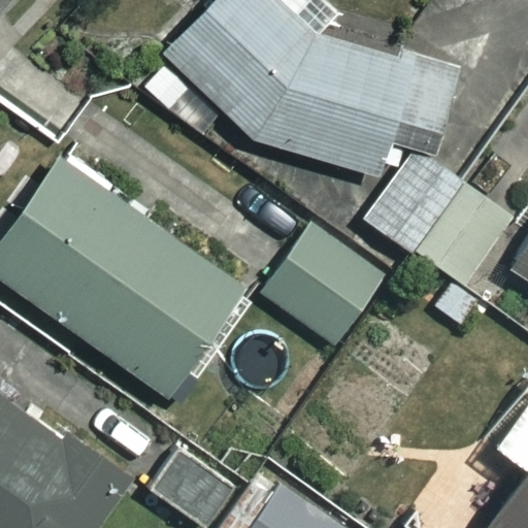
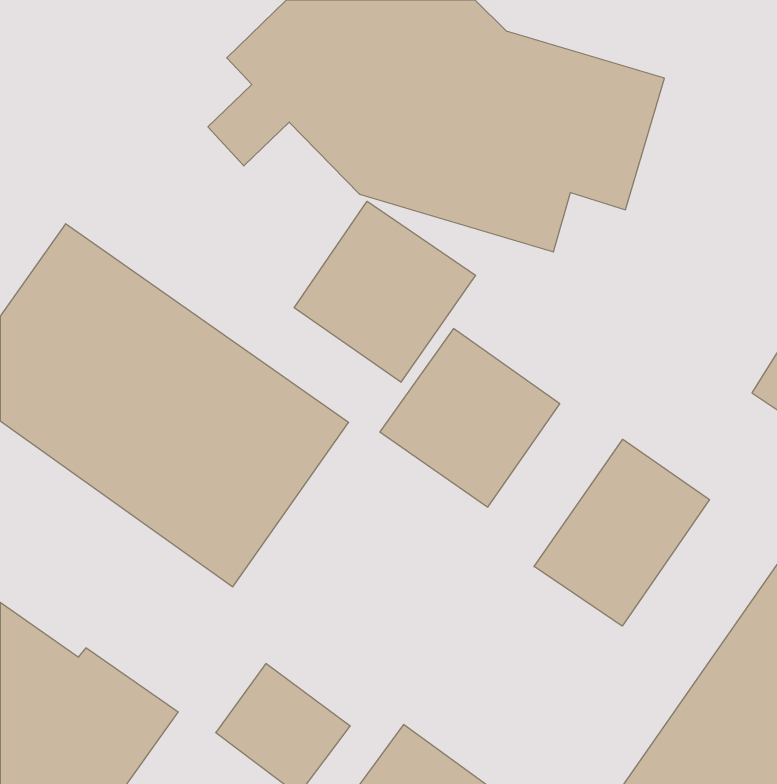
building: none -> [294,201,476,382]
building: [369,151,514,286] -> none
building: none -> [534,439,709,626]

